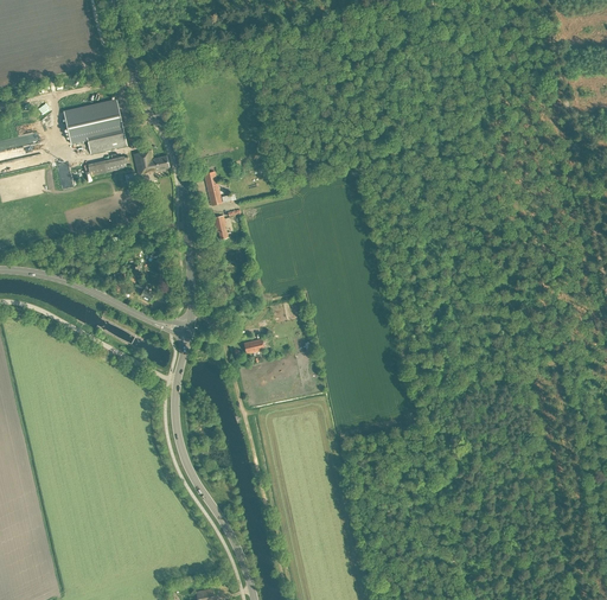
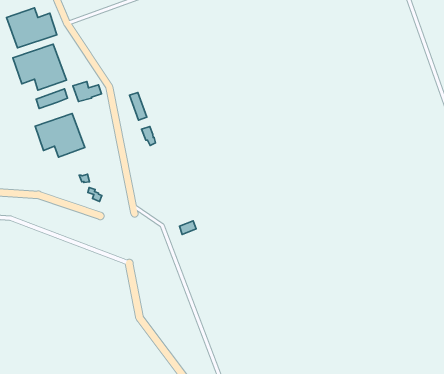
building: none -> [7,8,57,48]
building: none -> [35,114,85,157]

